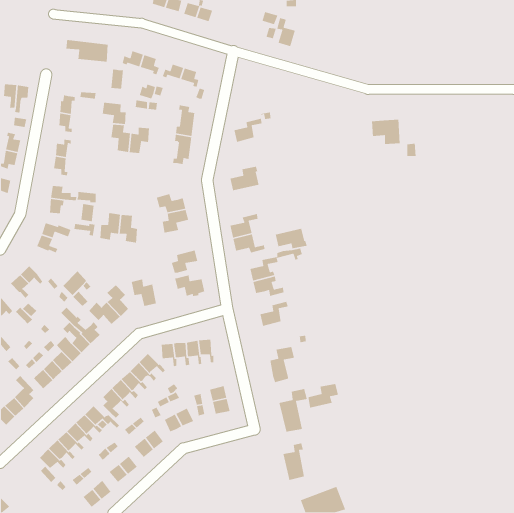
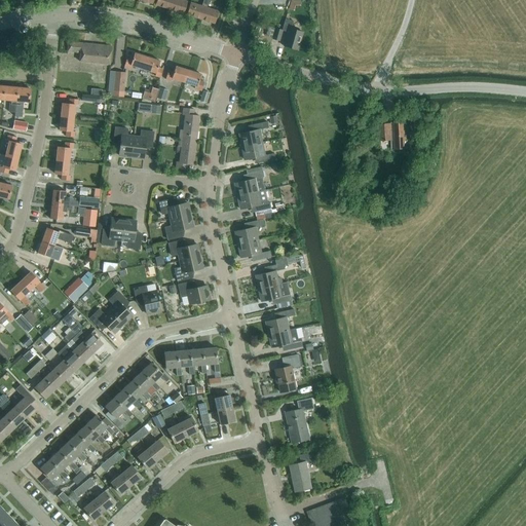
building: [102,102,127,125] -> none
building: none -> [241,141,275,161]
building: [275,228,308,249] -> [237,189,271,211]
building: none -> [168,239,199,260]
building: none -> [268,328,302,349]
building: [307,383,339,408] -> none

